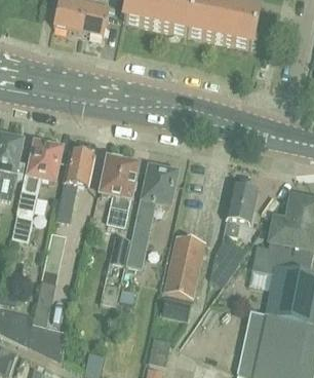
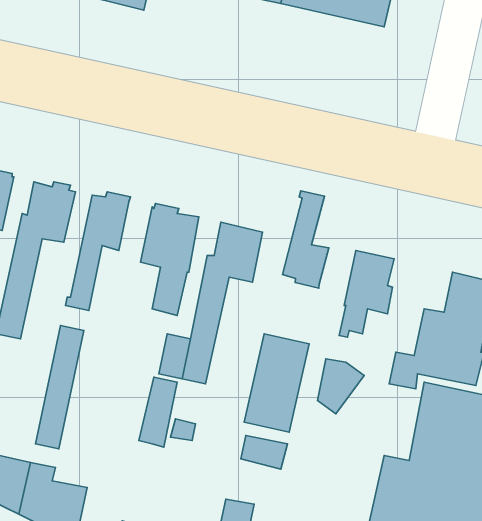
building: none -> [283,191,329,288]

